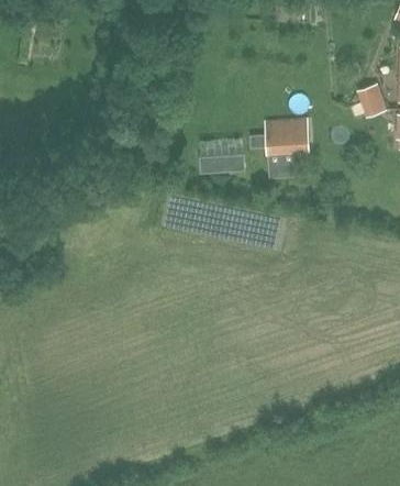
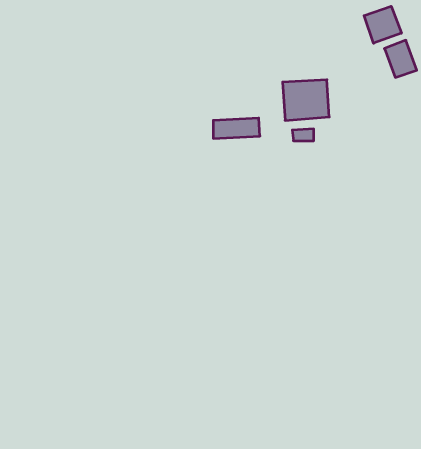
building: none -> [364,6,401,43]

